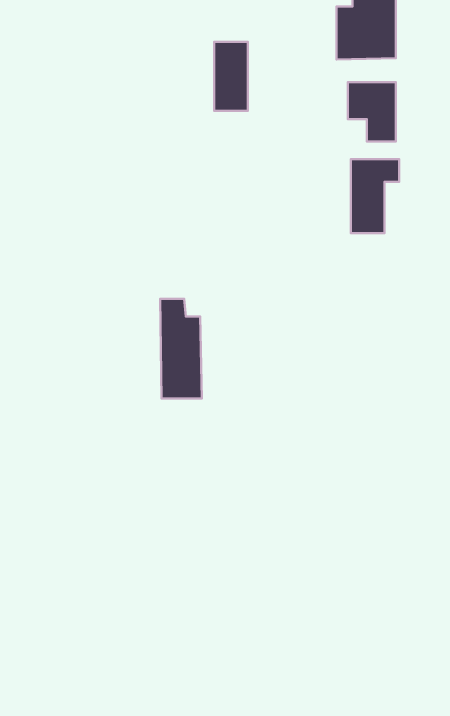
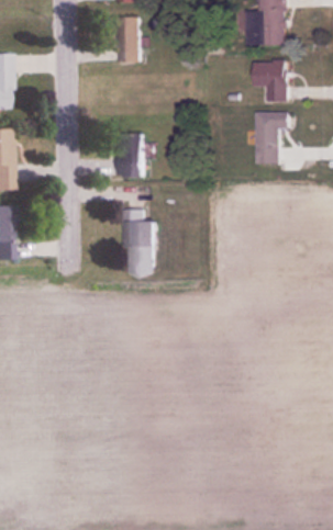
building: [214,42,248,111] -> [118,16,141,64]
building: none -> [120,134,145,177]

